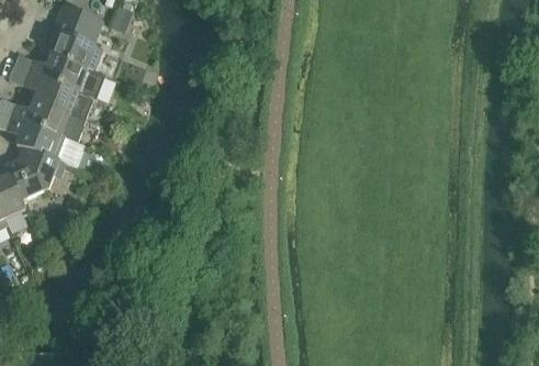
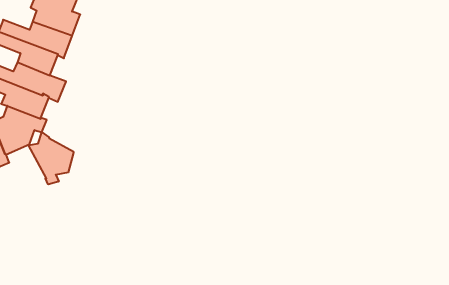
building: none -> [29,132,74,184]

